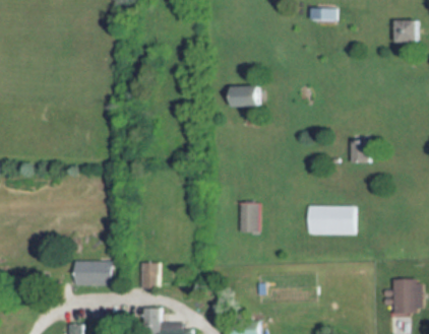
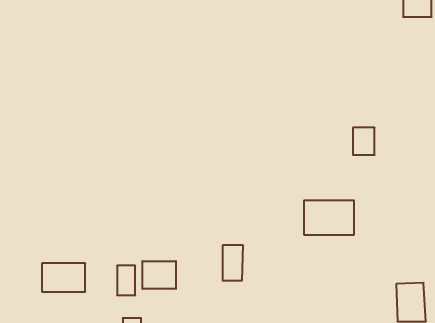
building: [231,85,262,108] -> none
building: [238,202,256,233] -> [223,245,243,281]
building: none -> [142,261,176,289]

